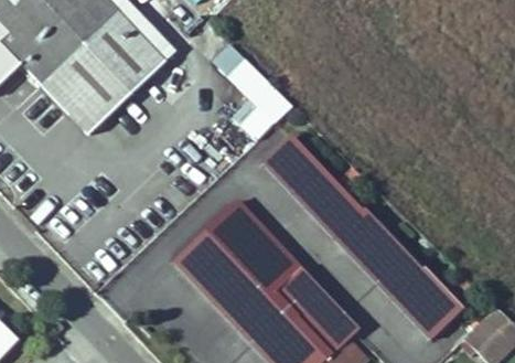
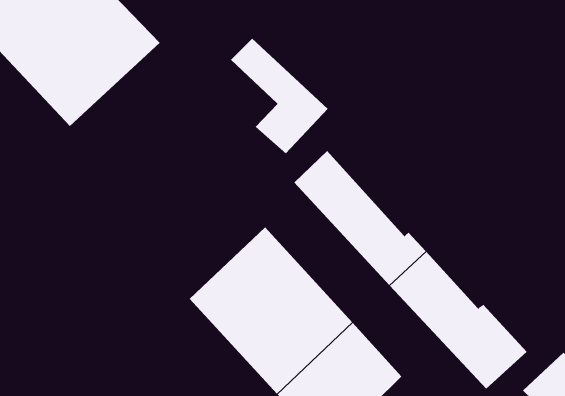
building: [75,43,169,132] -> none

